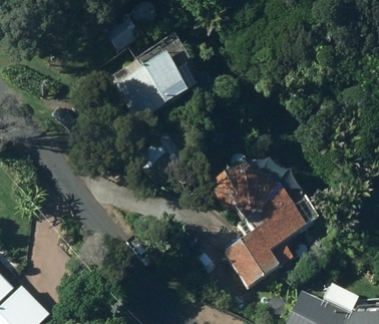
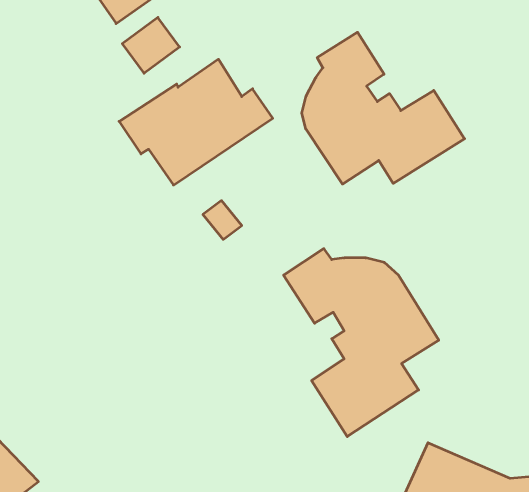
building: none -> [302,32,465,184]

